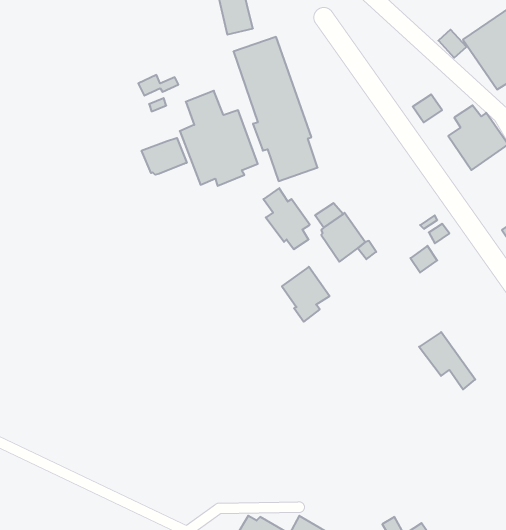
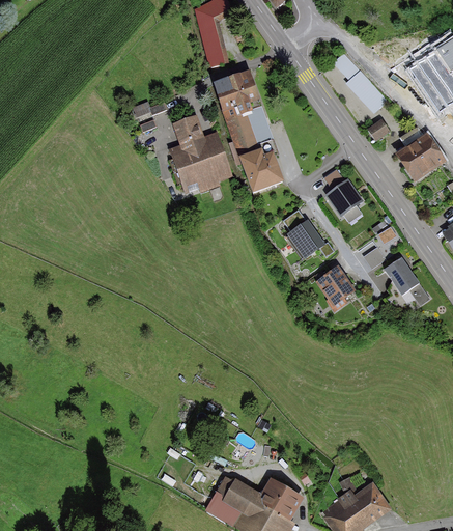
building: none -> [332,52,388,115]
building: [142,138,187,175] -> none
building: [263,188,310,249] -> [323,170,363,222]
building: [282,267,330,322] -> [315,266,356,312]
building: [419,332,475,389] -> [383,258,430,307]

